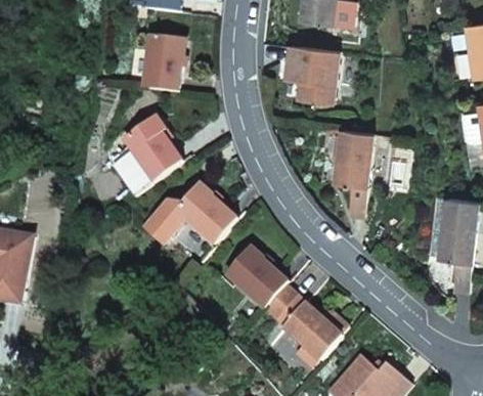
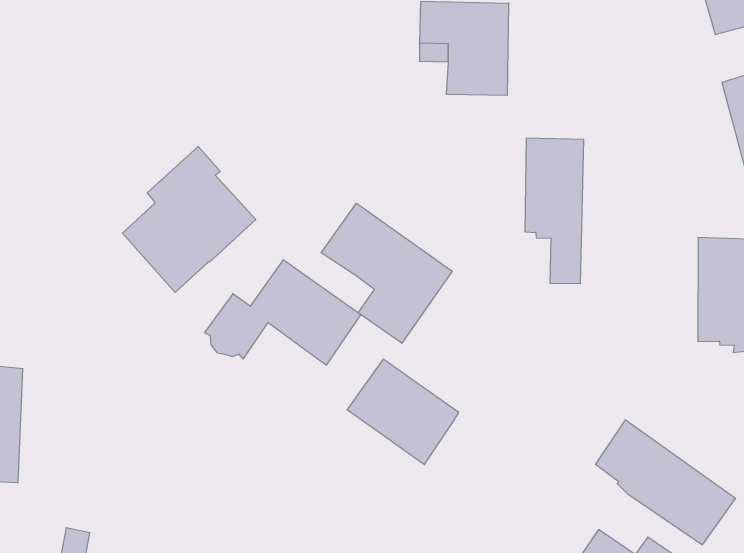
building: [142,35,183,92] -> none
building: none -> [321,203,452,343]
building: [265,285,343,361] -> [595,420,736,545]

